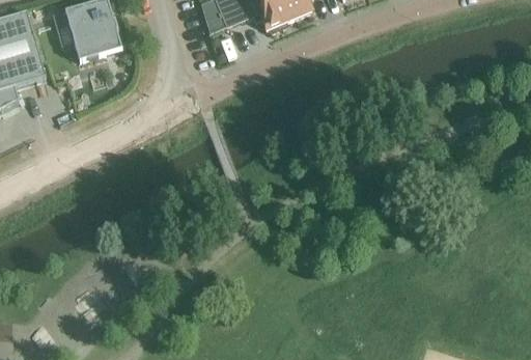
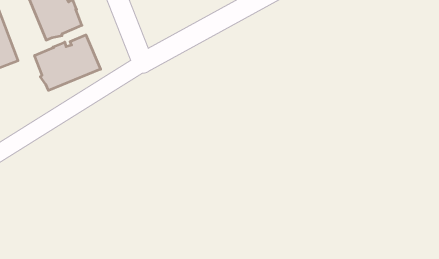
building: none -> [35,35,101,90]

